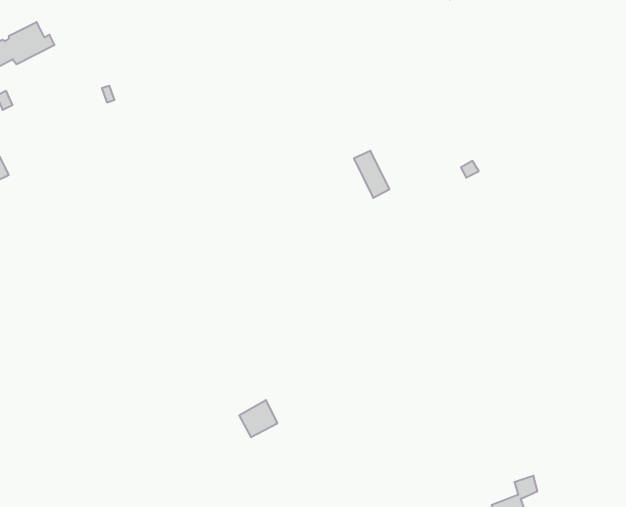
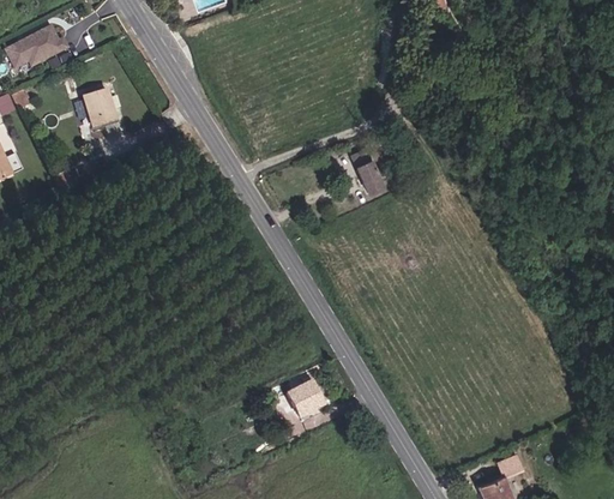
building: none -> [84,100,115,138]
building: [239,400,277,437] -> [289,381,325,416]

